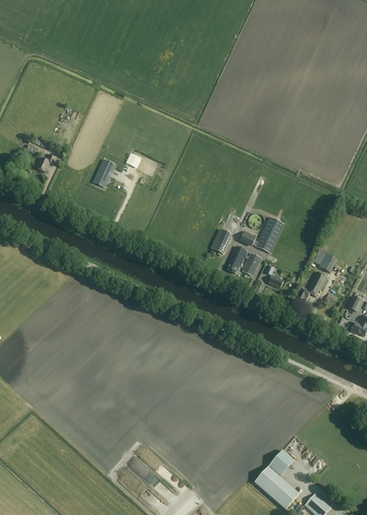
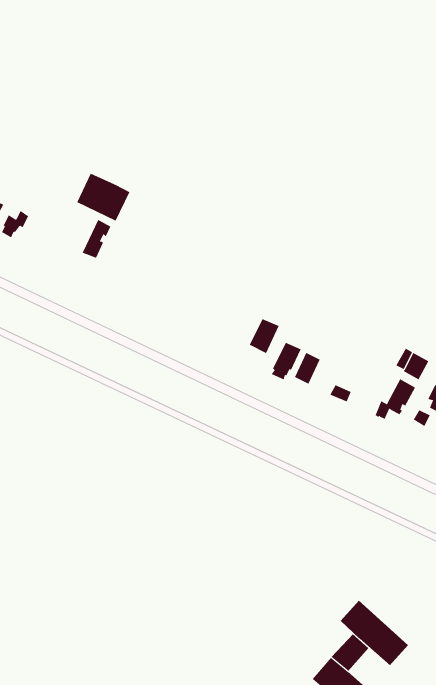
building: none -> [76,173,130,221]
building: [241,216,285,253] -> none
building: none -> [340,600,409,666]

